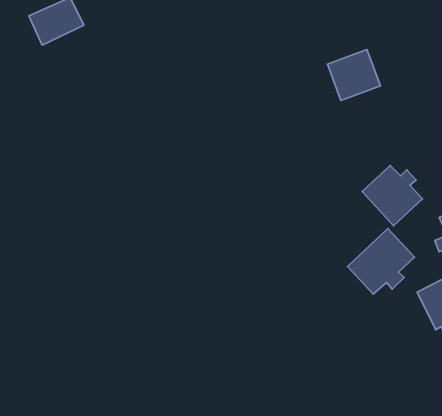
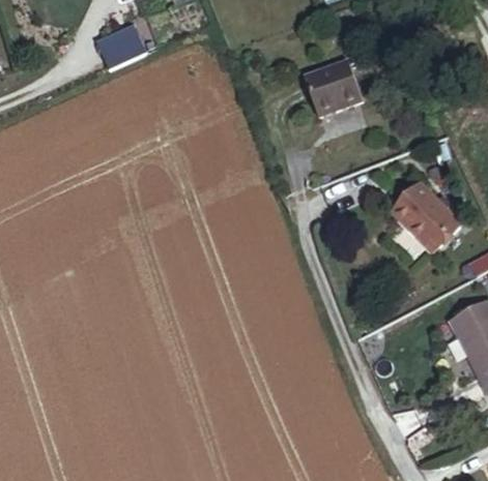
building: [327,50,380,100] -> [308,70,361,121]
building: [347,228,414,294] -> none

